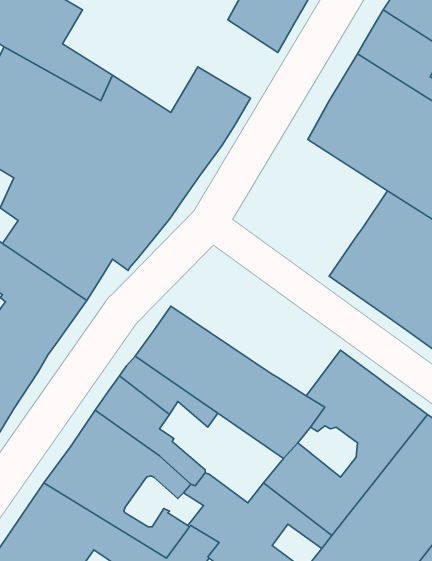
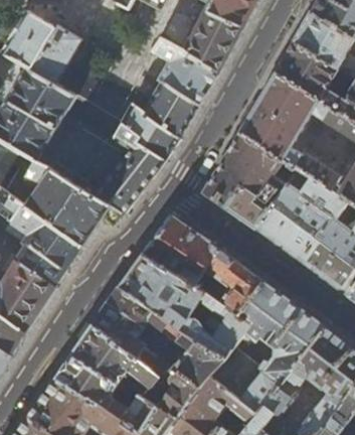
building: none -> [157,41,218,104]
building: none -> [203,133,296,230]
building: none -> [143,215,262,314]
building: none -> [169,326,222,390]

